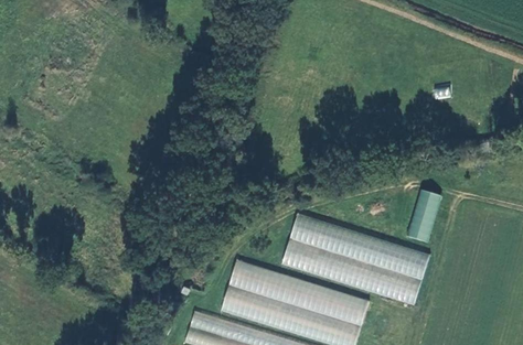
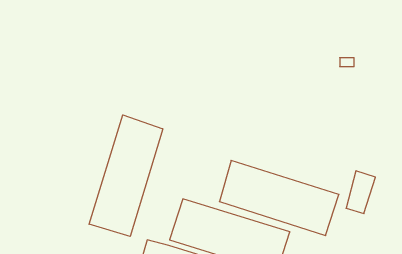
building: none -> [89,115,163,236]
building: [406,188,442,241] -> [346,171,375,214]

